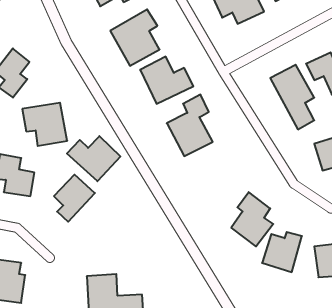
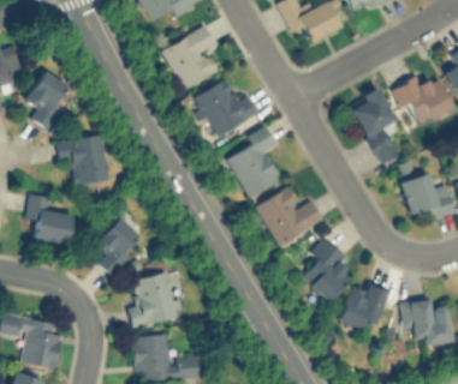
building: [67,136,120,181] -> none
building: none -> [256,187,323,245]
building: none -> [127,272,180,328]

